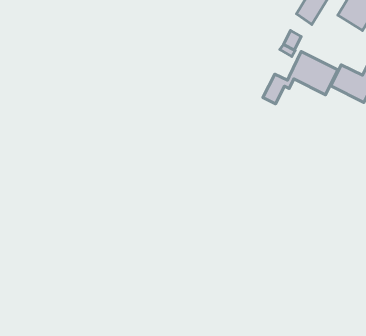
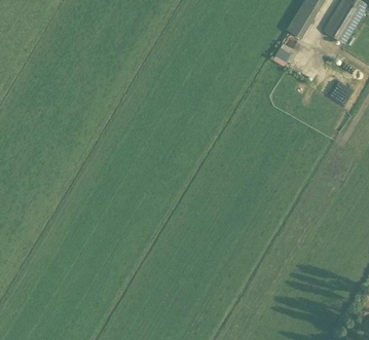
building: [263,52,338,104] -> none

